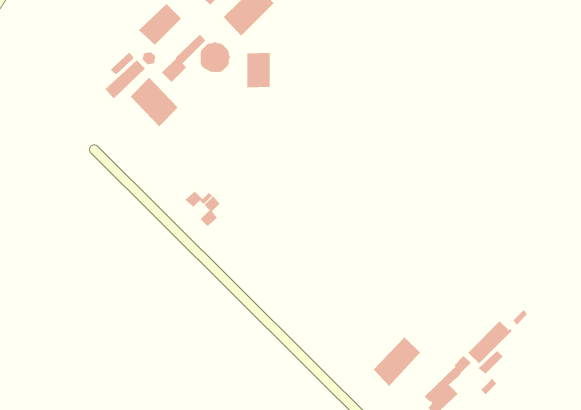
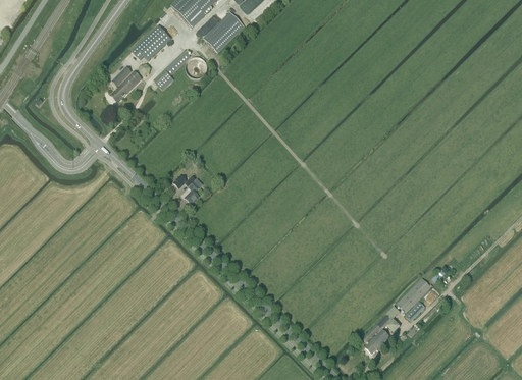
building: [247,52,270,88] -> none
building: [130,77,179,127] -> none
building: [373,337,421,387] -> none

